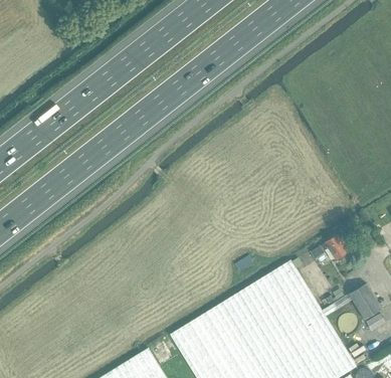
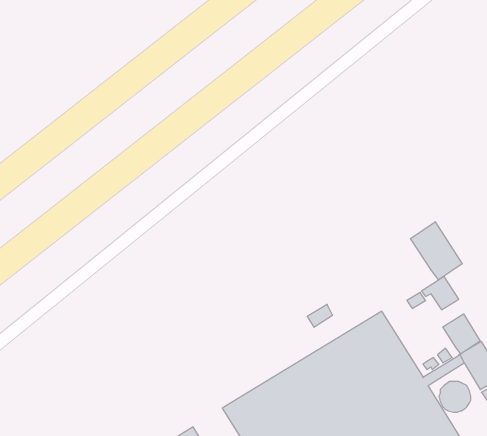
building: none -> [410,222,462,281]
building: none -> [443,314,480,354]

